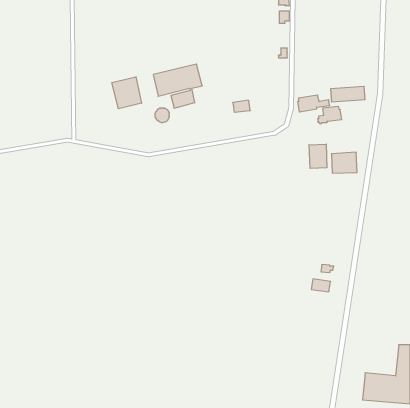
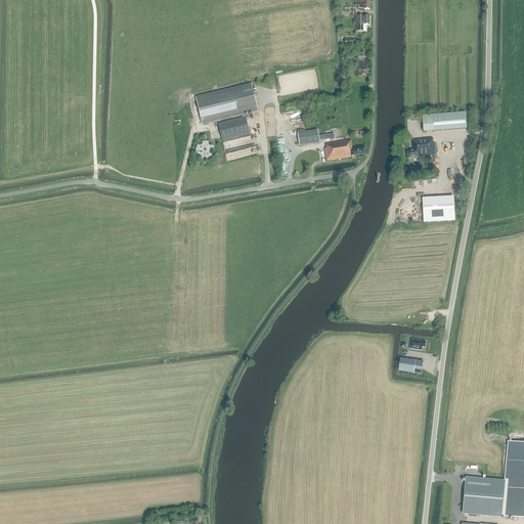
building: [112,77,142,109] -> none
building: [298,95,330,112] -> [324,138,365,160]
building: [309,144,327,168] -> none

